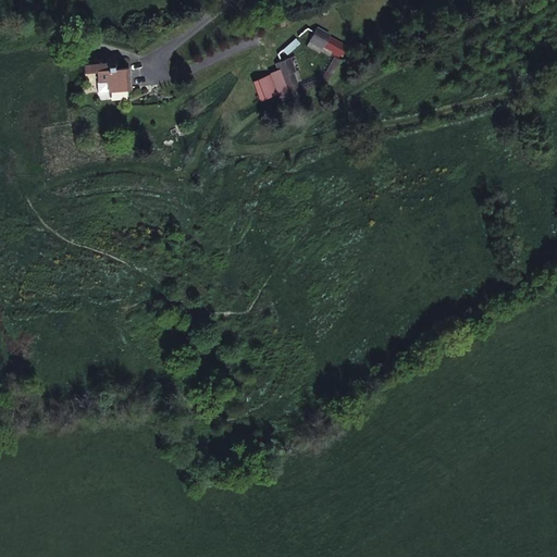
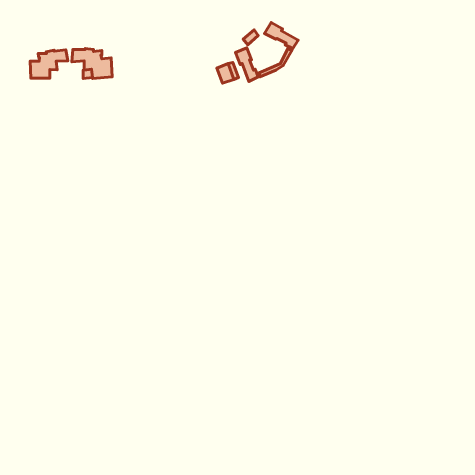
building: none -> [30,50,68,78]

